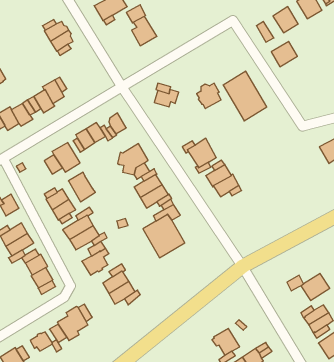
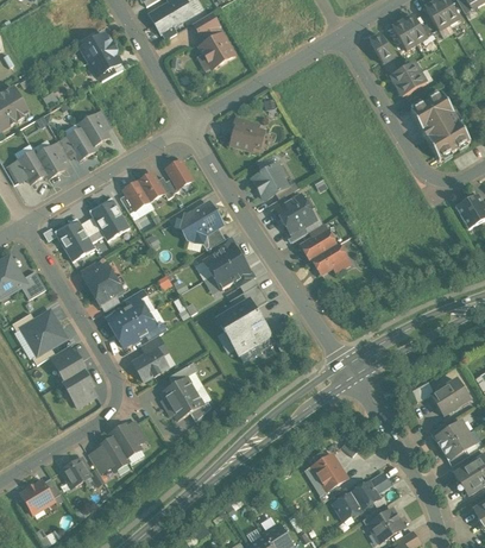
building: [223,71,267,121] -> [410,92,470,159]
building: [197,83,221,109] -> [253,164,286,199]
building: [68,172,95,202] -> [58,220,95,260]

